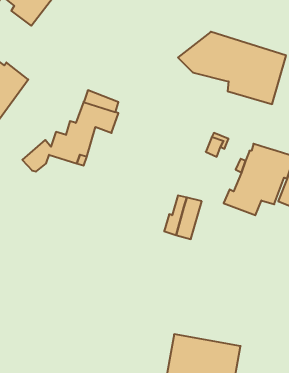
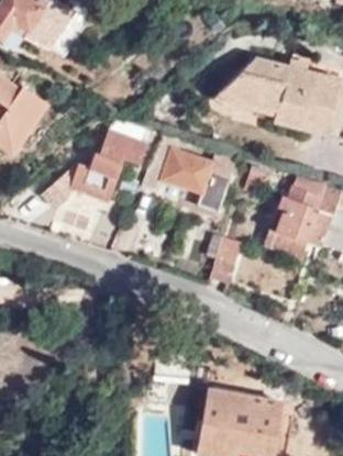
building: none -> [142,135,235,213]

